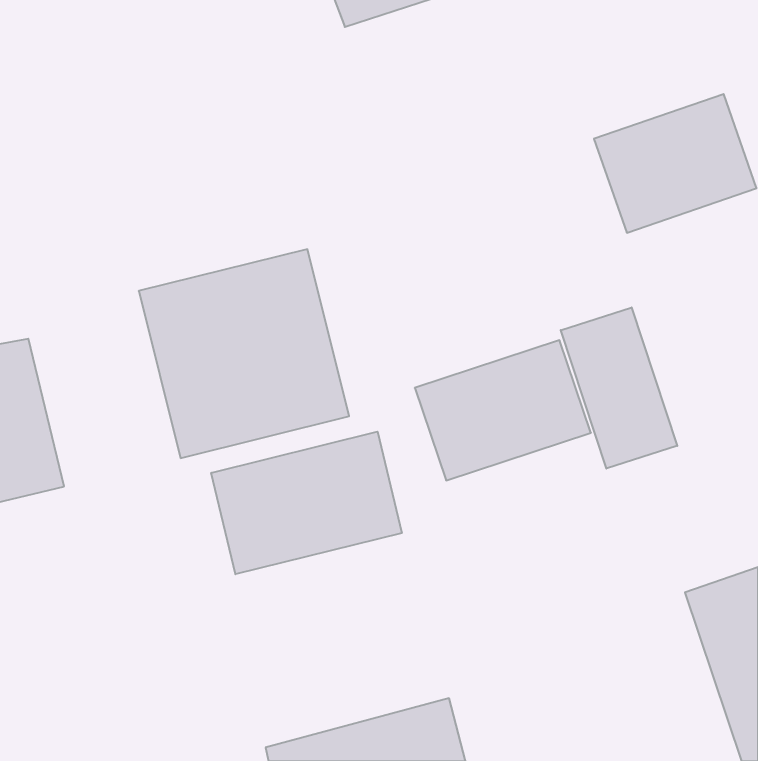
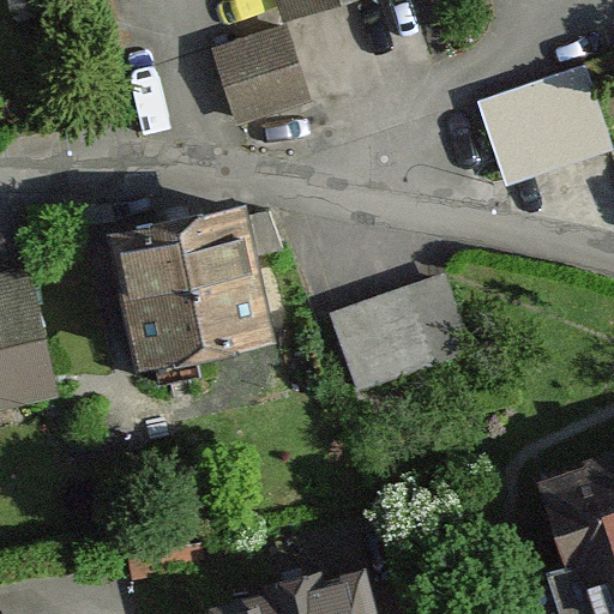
building: none -> [213,32,303,127]
building: [561,307,677,469] -> none
building: [211,432,402,574] -> none

